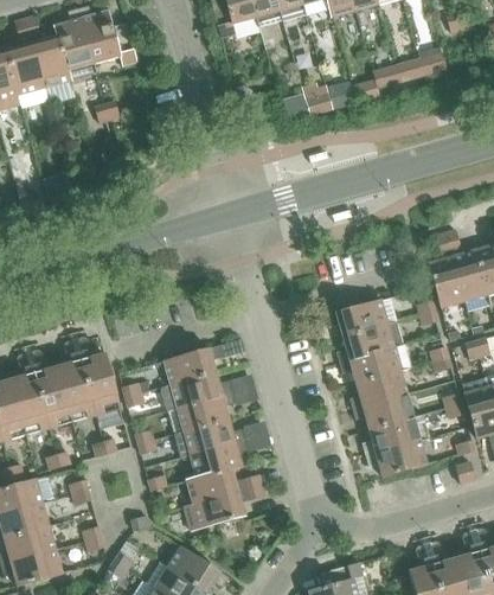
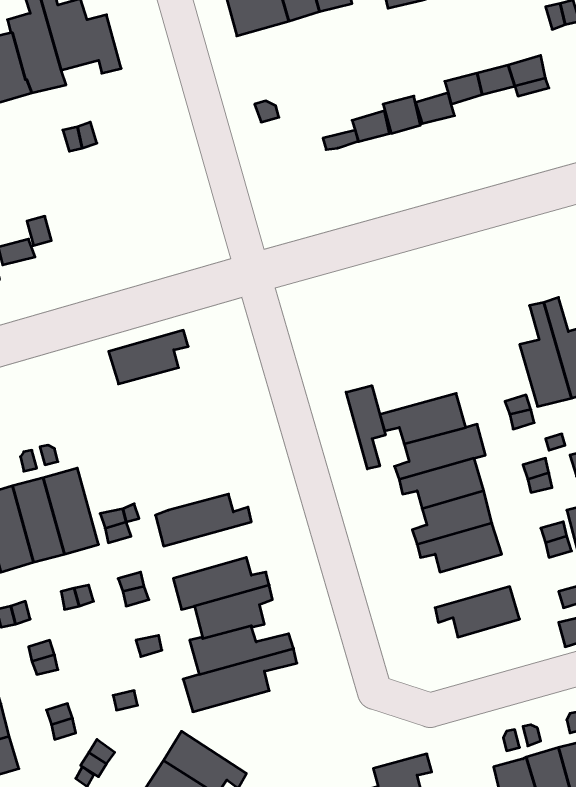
building: none -> [346,386,385,469]
building: [165,344,223,383] -> [109,330,188,384]
building: [168,391,236,433] -> none
building: [363,415,421,454] -> none

